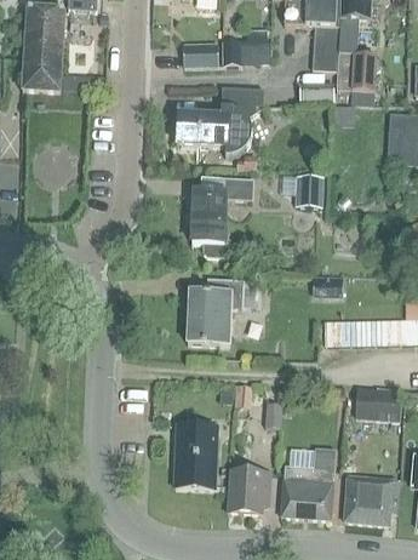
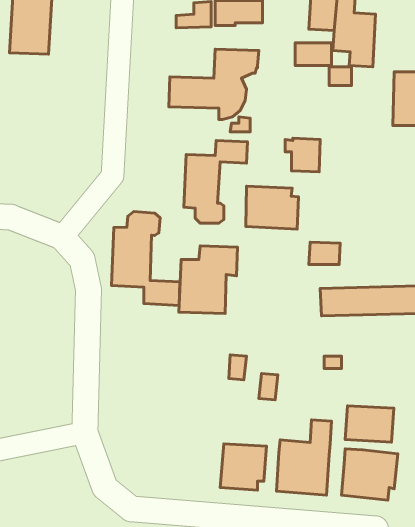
building: none -> [246,186,299,229]
building: none -> [111,211,180,305]
building: [354,385,401,421] -> [345,406,394,442]
building: [172,422,216,487] -> none

